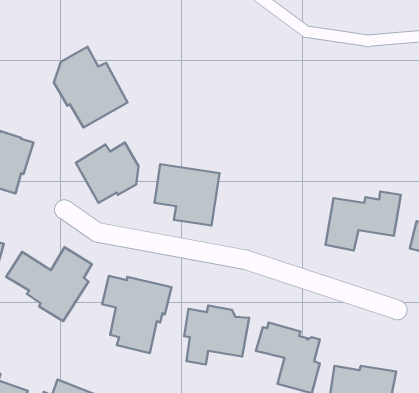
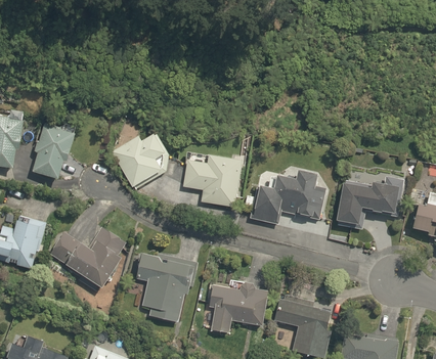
building: [54,47,127,128] -> none
building: none -> [245,170,325,225]

